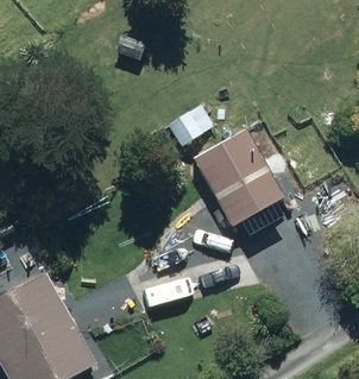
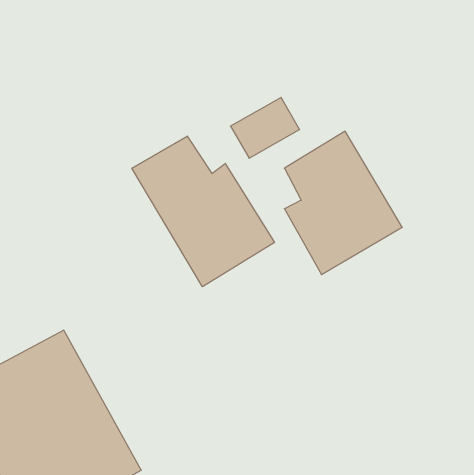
building: none -> [132,136,274,287]

